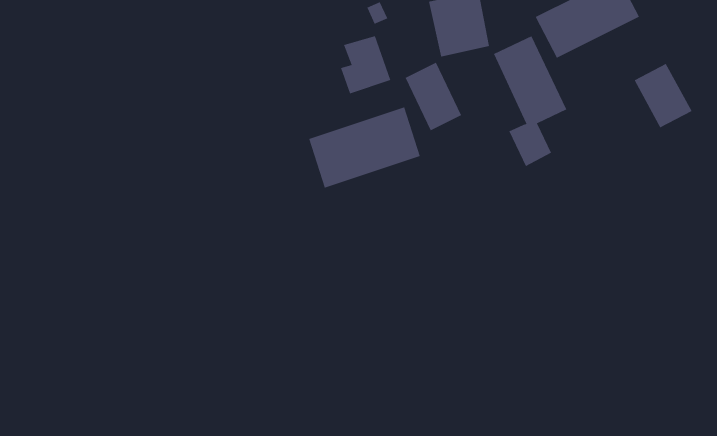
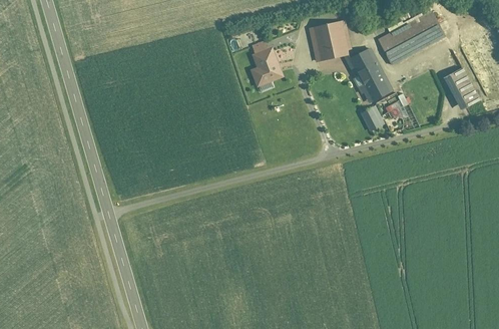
building: [405,62,462,131] -> none
building: [309,106,421,189] -> none

